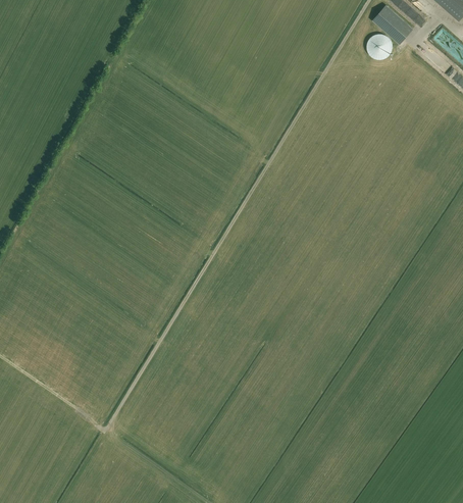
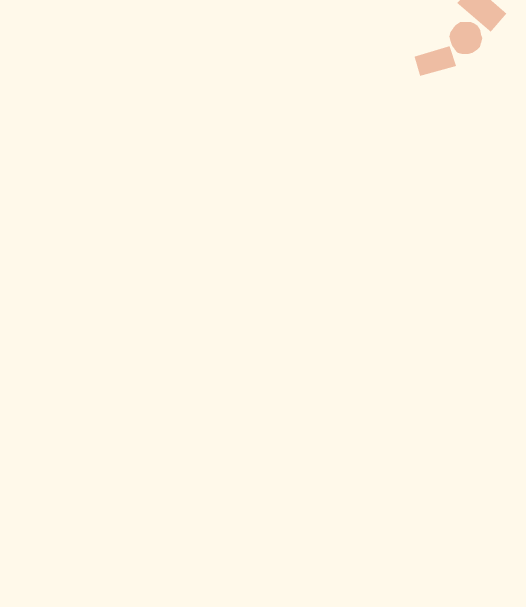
building: none -> [414,45,457,77]

